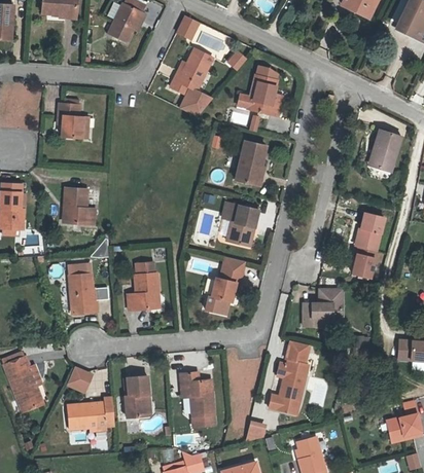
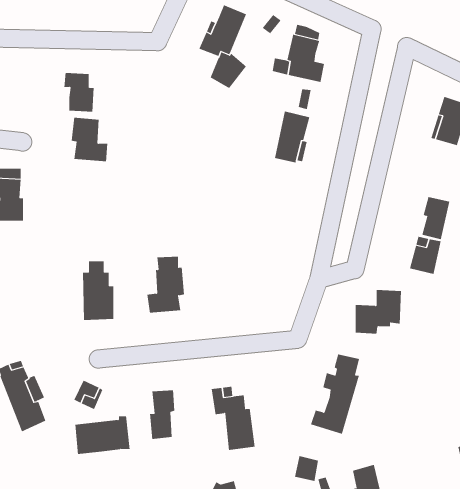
building: [64,197,95,234] -> [71,117,108,162]
building: [223,201,259,243] -> none
building: [206,266,243,314] -> none

